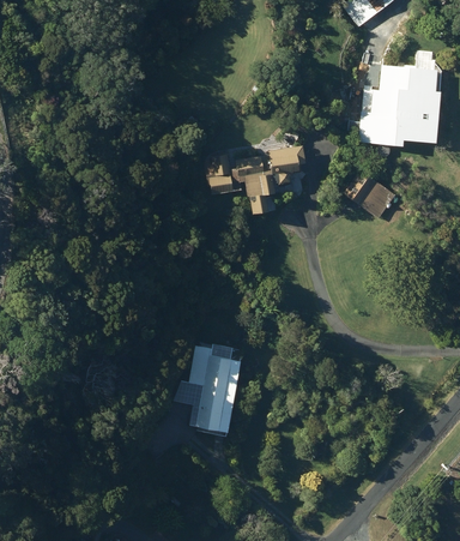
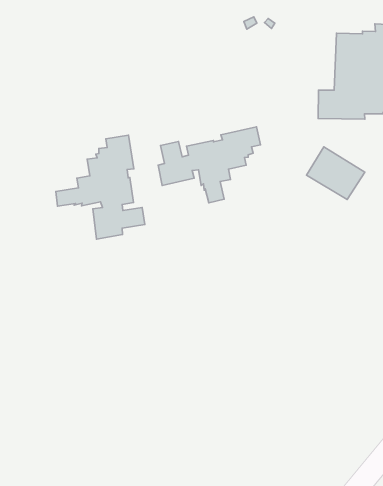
building: none -> [56,135,145,239]
building: [187,343,241,433] -> none

